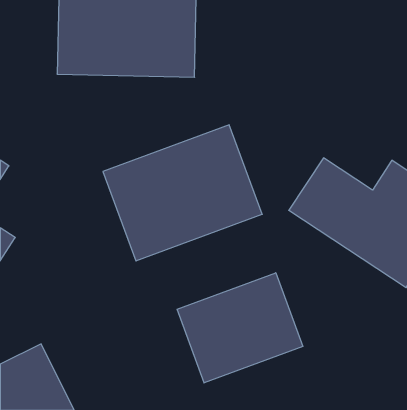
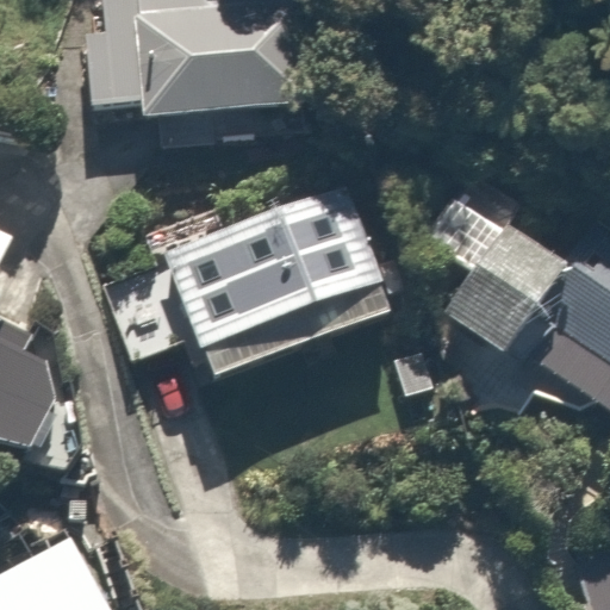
building: [177,273,303,383] -> none

